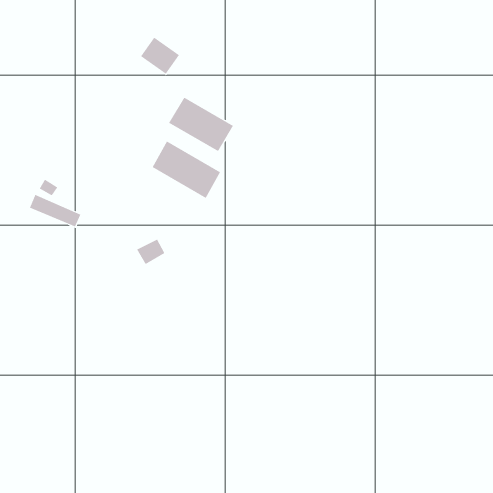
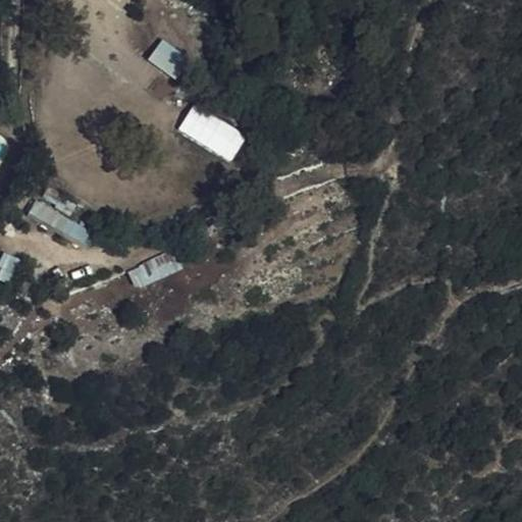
building: [152,141,221,199] -> none

